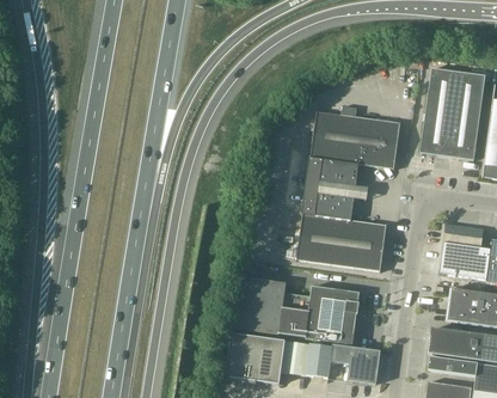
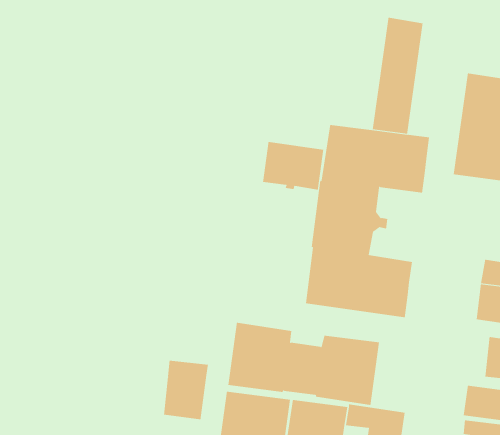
building: none -> [372,17,423,134]
building: none -> [262,141,324,190]
building: none -> [163,360,208,420]

